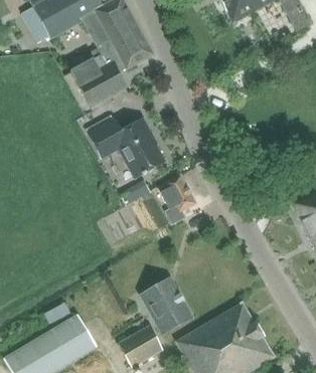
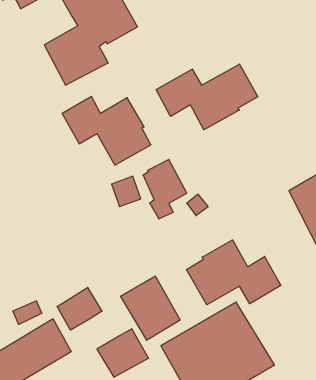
building: none -> [156,64,258,130]
building: none -> [186,240,281,305]
building: none -> [57,287,102,330]

